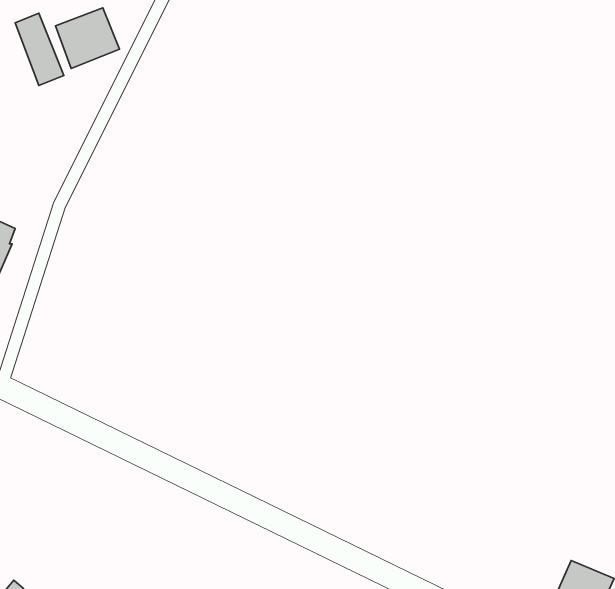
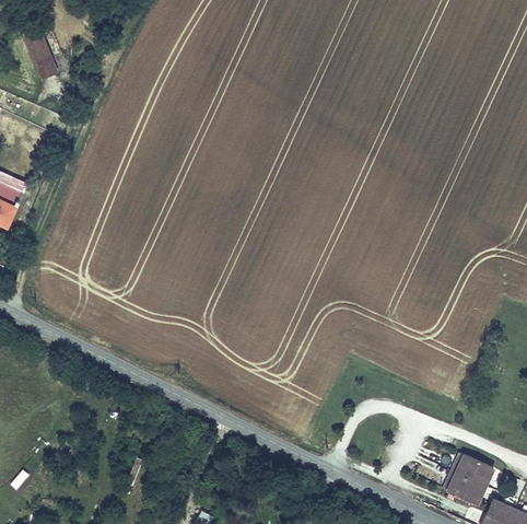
building: [56,8,120,69] -> none

